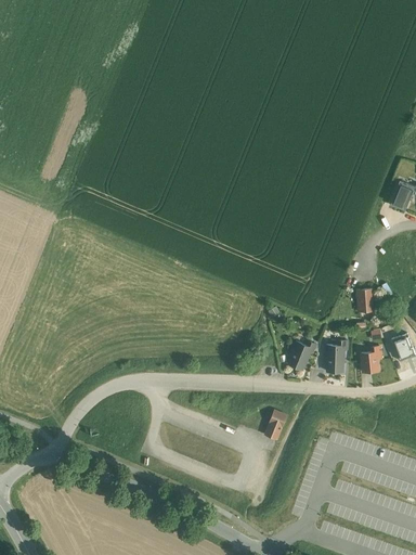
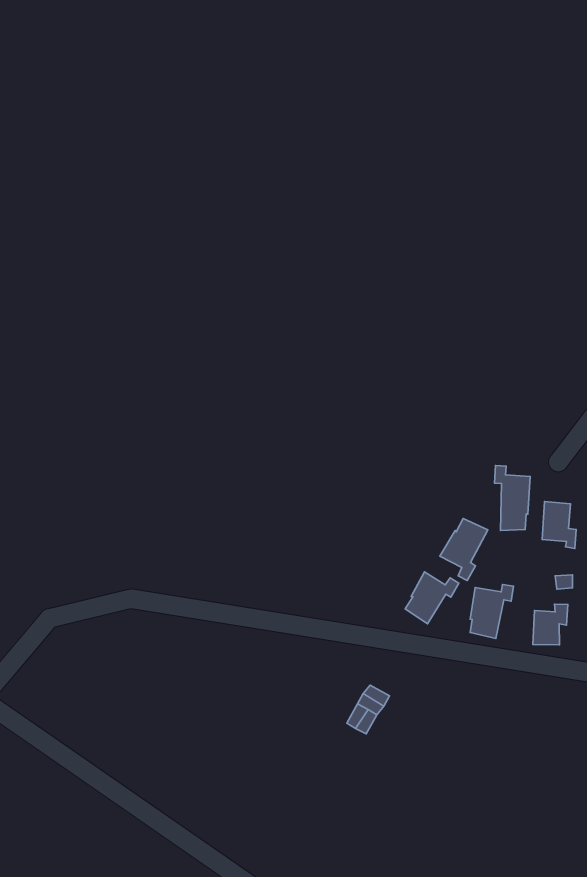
building: none -> [495,465,530,530]
building: none -> [440,518,488,581]

